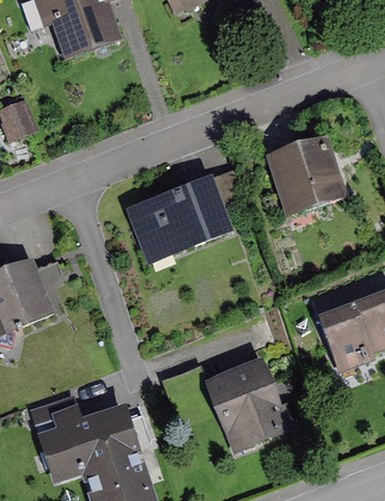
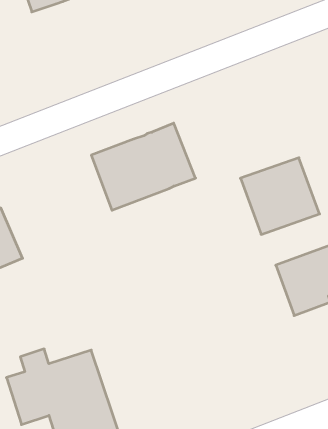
building: [266,136,348,216] -> [240,158,320,234]
building: [205,359,290,452] -> none

